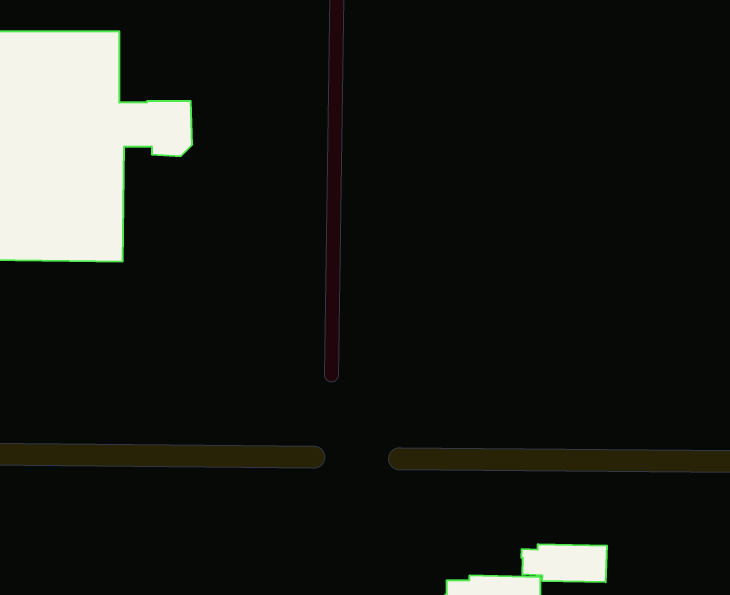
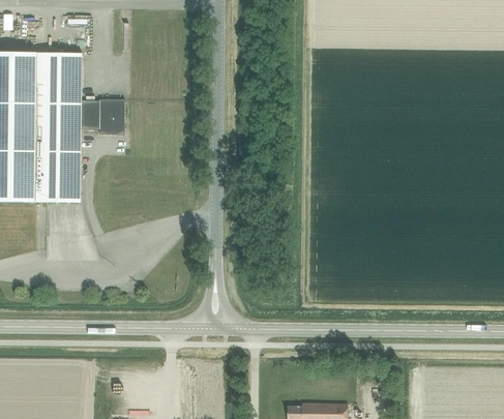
building: [522,544,607,582] -> none

